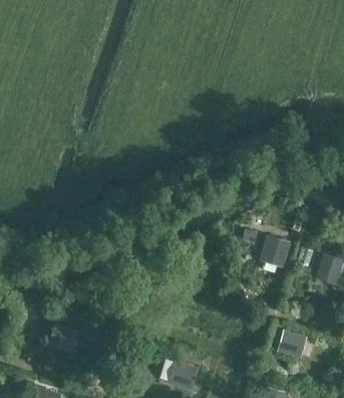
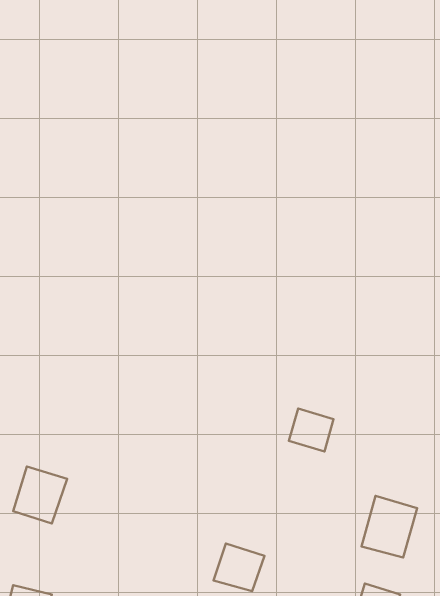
building: [255,236,284,264] -> [289,408,334,452]

